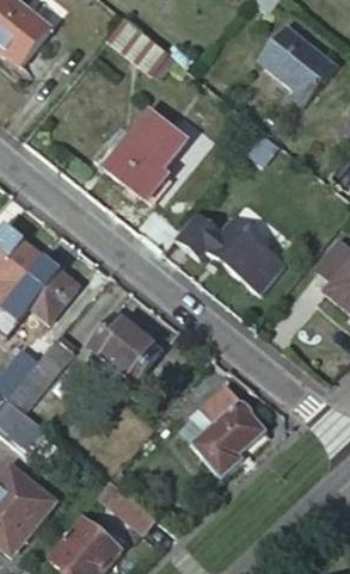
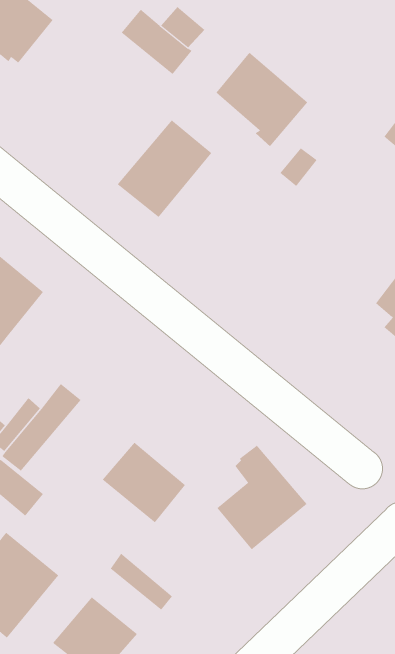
building: [256,21,334,103] -> [216,52,308,147]
building: [174,210,284,294] -> none
building: [13,258,78,322] -> none
building: [88,314,160,383] -> [102,442,186,523]

